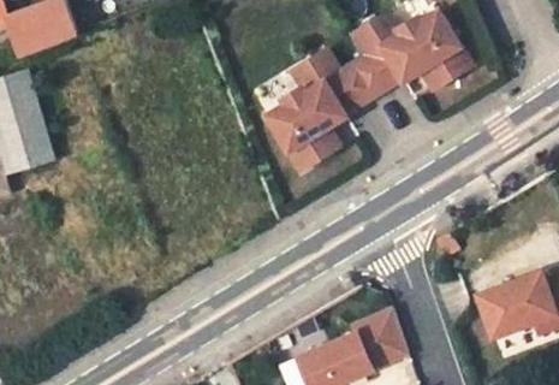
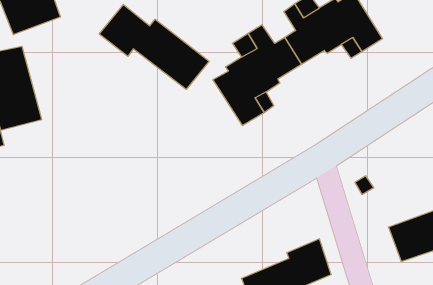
building: none -> [99,4,209,89]

